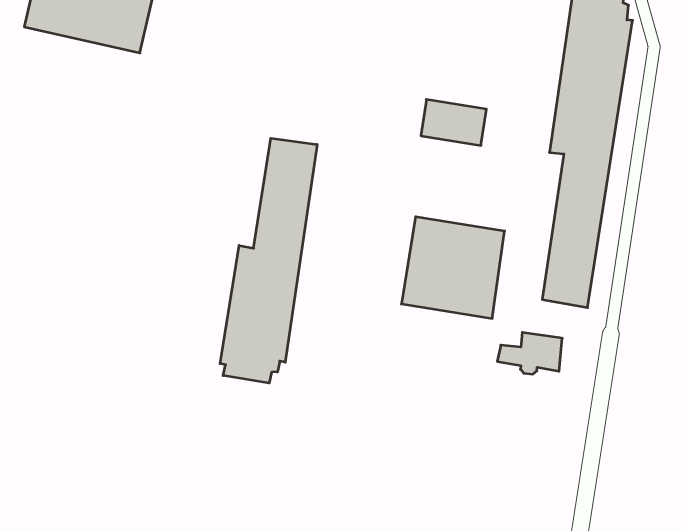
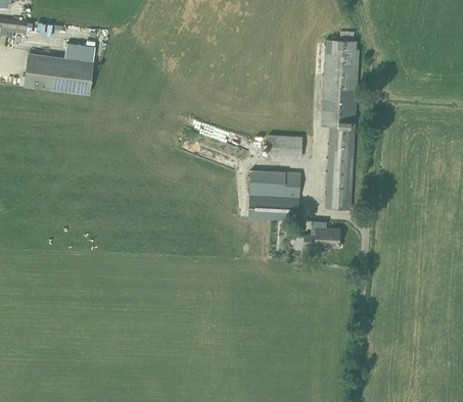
building: [421,99,486,145] -> [267,135,302,157]
building: [220,138,317,383] -> none

